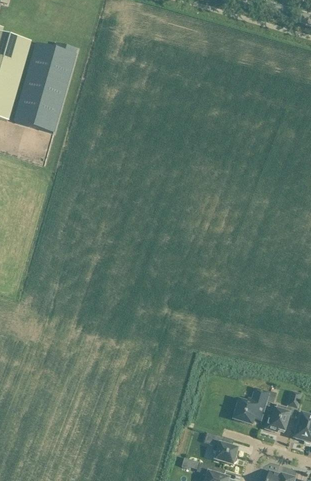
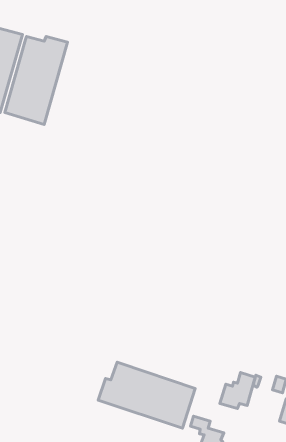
building: none -> [98,362,195,428]
building: [265,405,290,431] -> none

